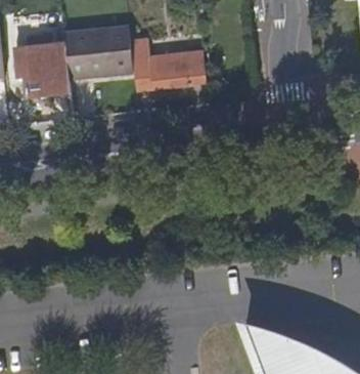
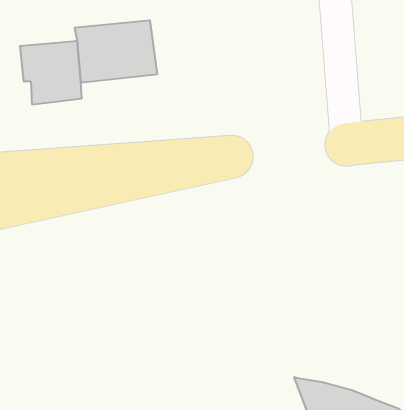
building: [130,48,206,93] -> none

